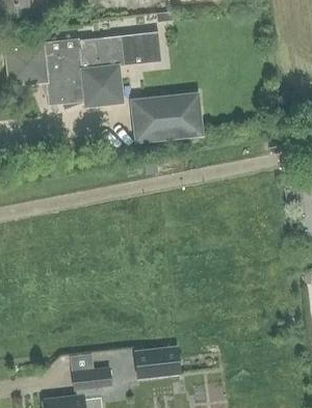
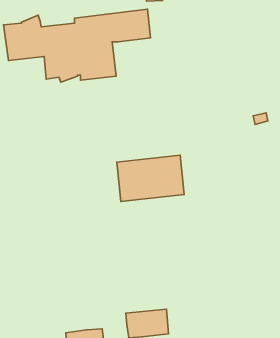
building: [132,92,203,141] -> [117,155,184,202]

